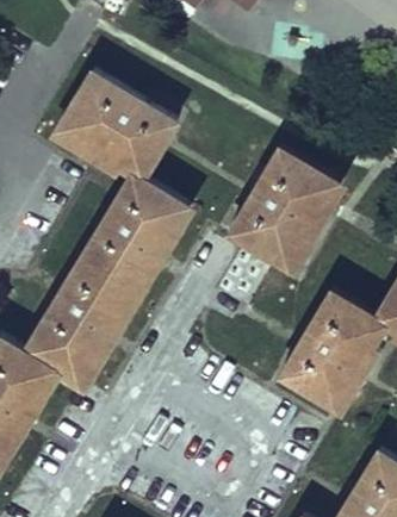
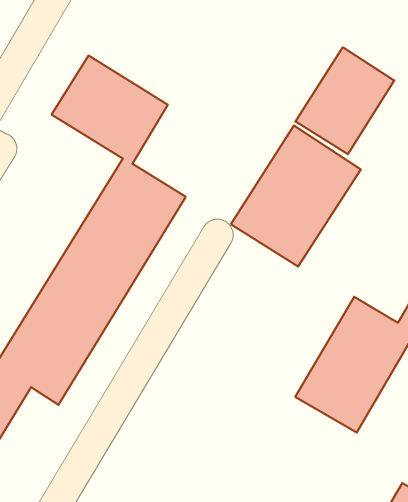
building: none -> [295,47,394,154]

